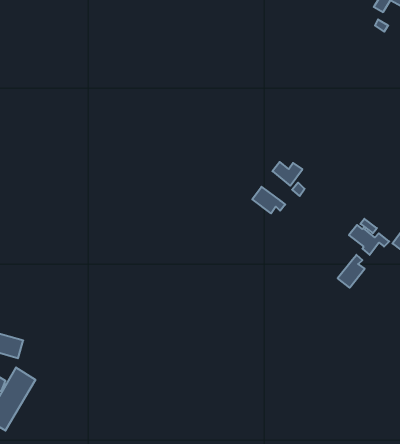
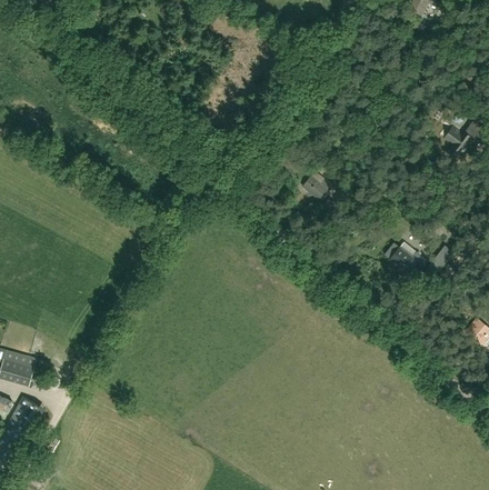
building: [252,187,285,213] -> none
building: [338,255,365,288] -> none

